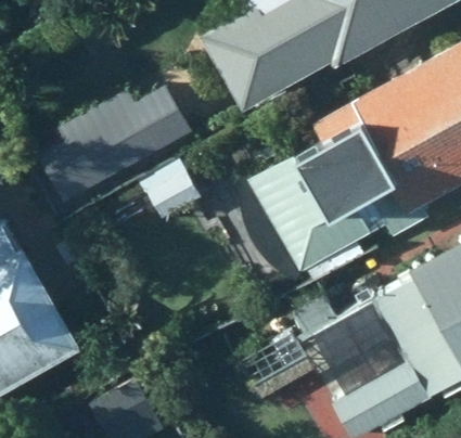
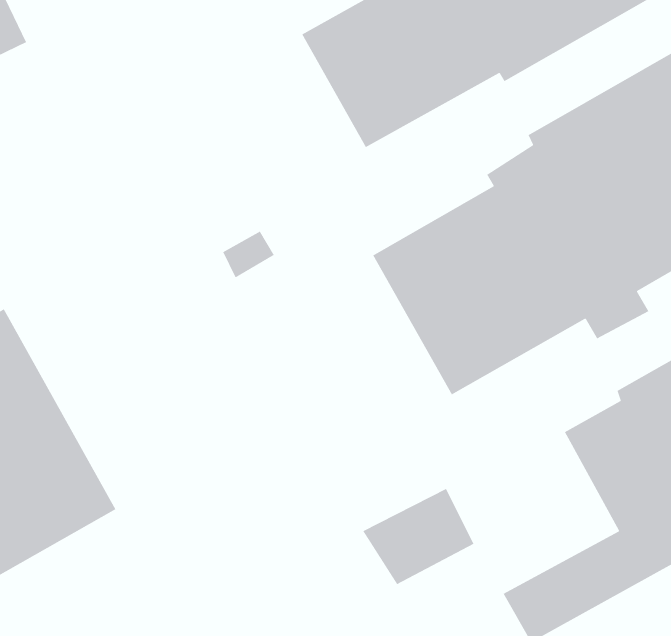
building: [37,86,191,203] -> none

